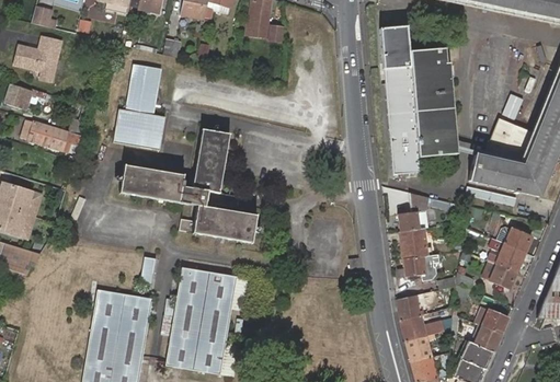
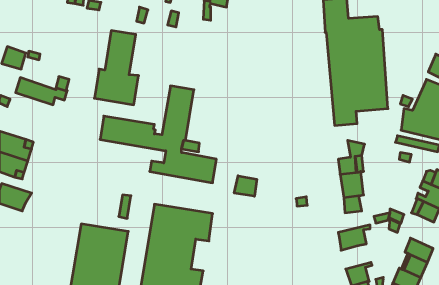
building: [13,34,61,80] -> none
building: none -> [234,176,257,196]
building: [401,314,446,342] -> none

